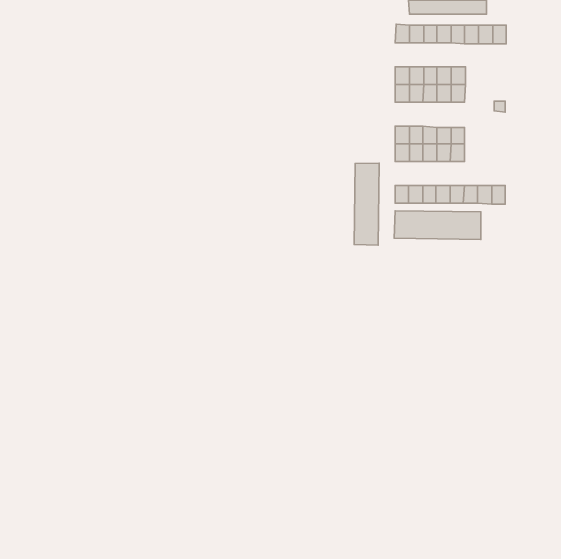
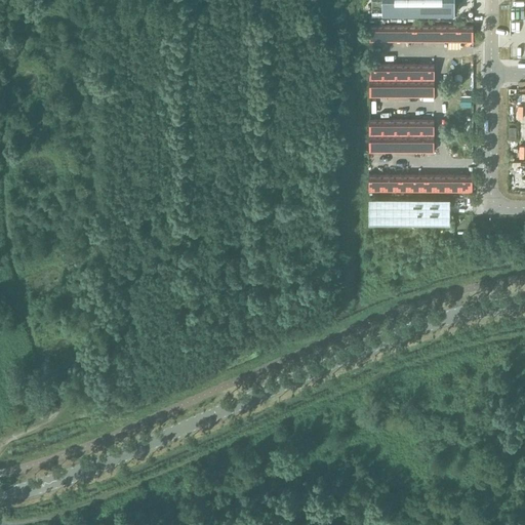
building: [354,163,379,245] -> none

